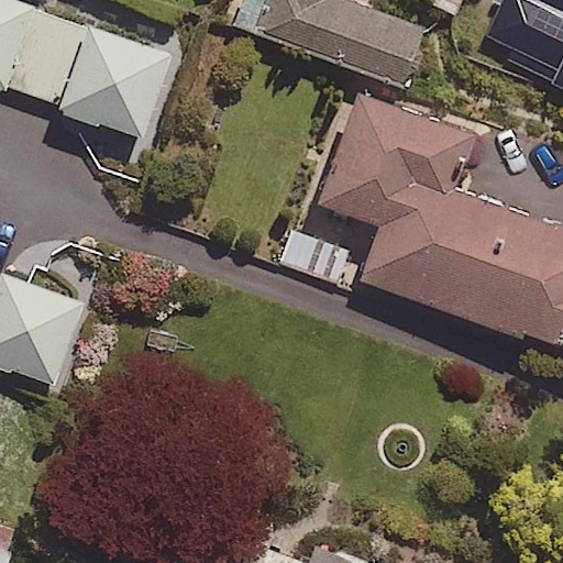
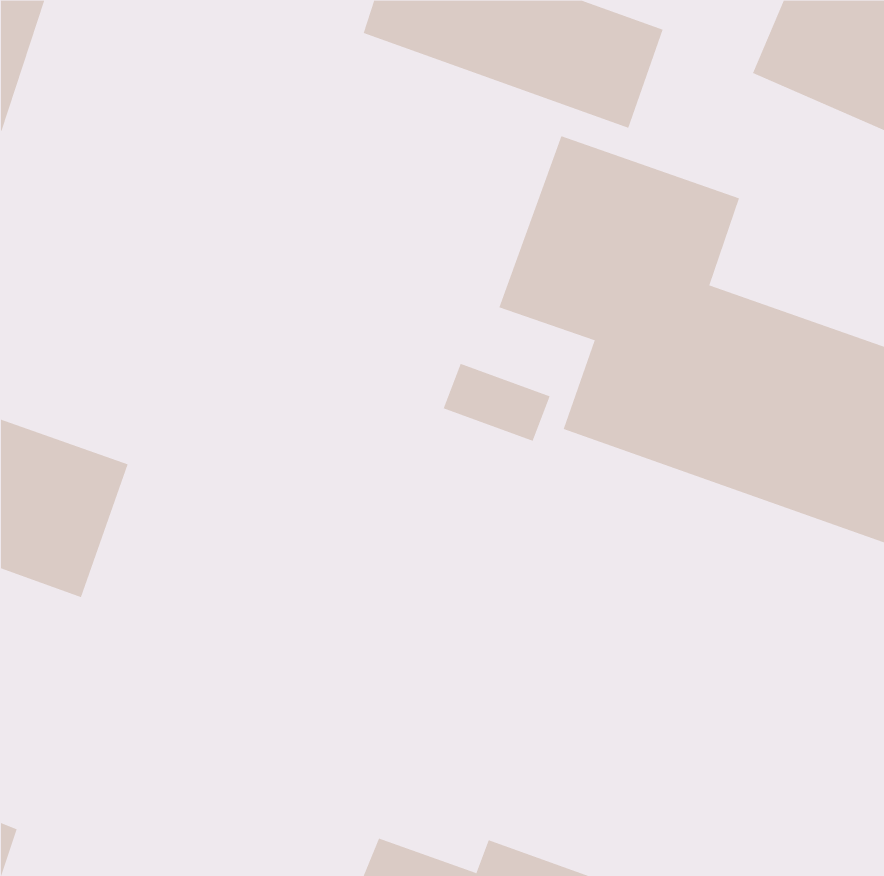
building: [18,13,168,136] -> none

